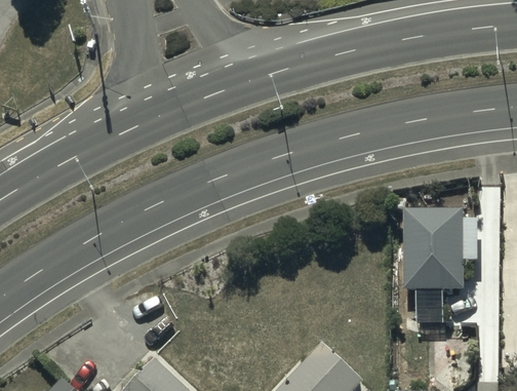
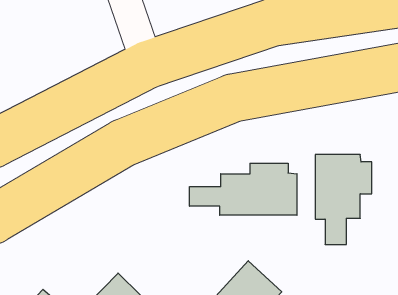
building: none -> [190,163,297,215]

